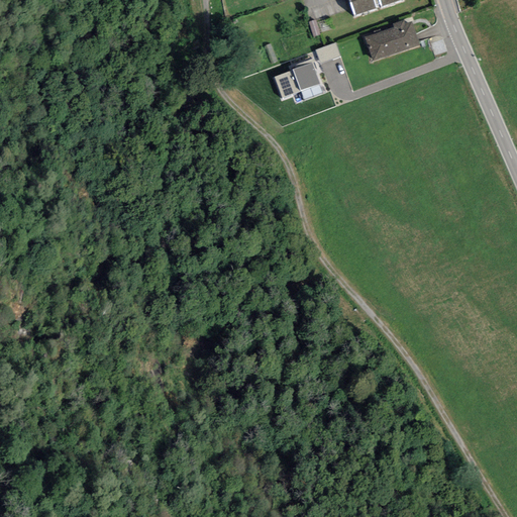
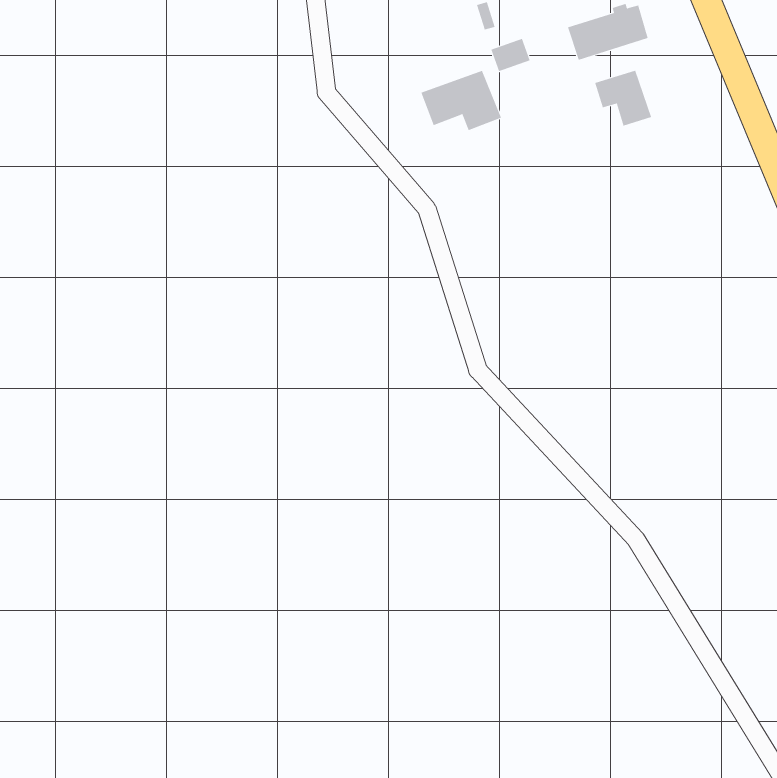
building: none -> [594,70,652,126]

